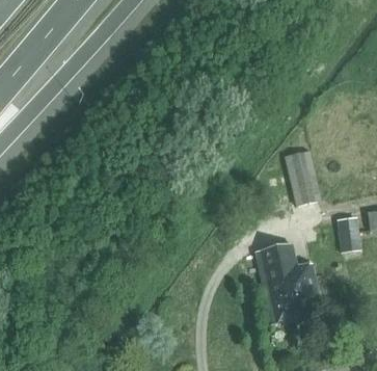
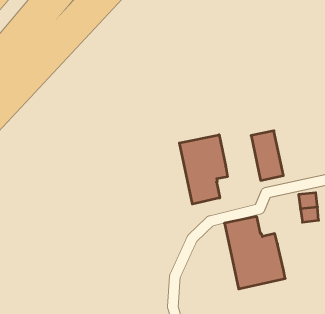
building: none -> [179,135,227,204]

